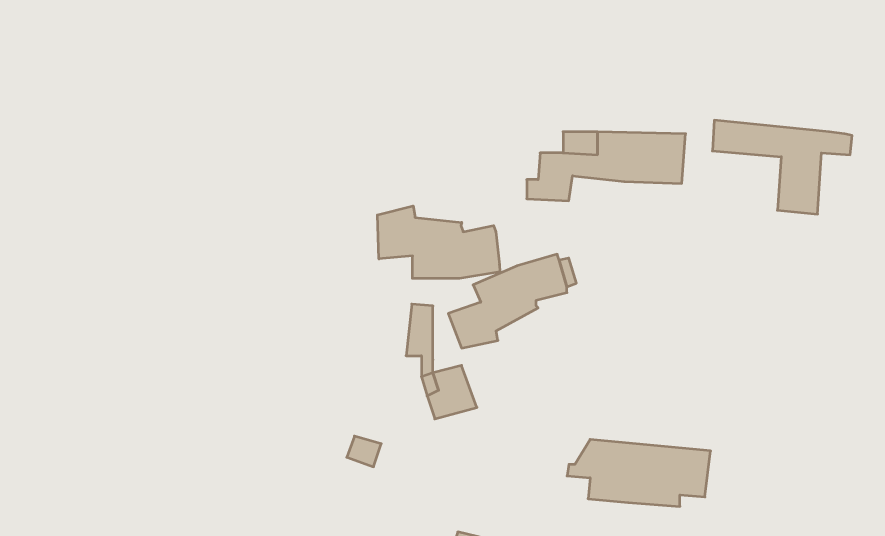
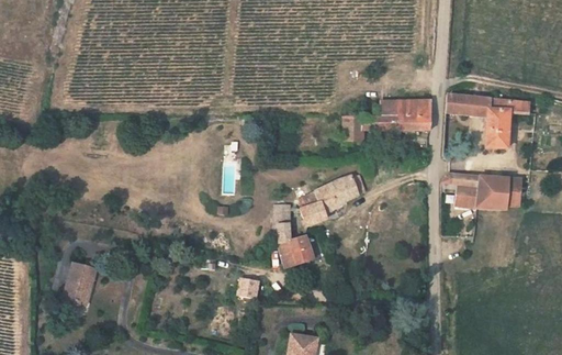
building: [377,206,500,278] -> none
building: none -> [66,256,99,296]
building: [567,439,711,506] -> [441,175,524,213]

